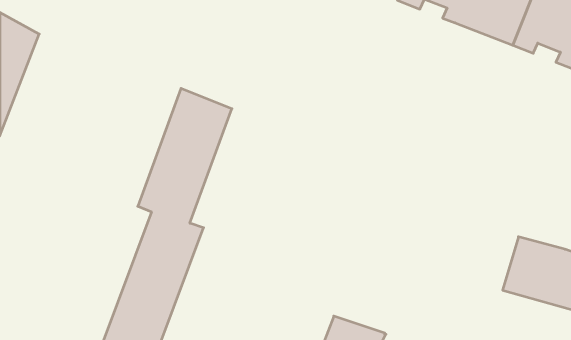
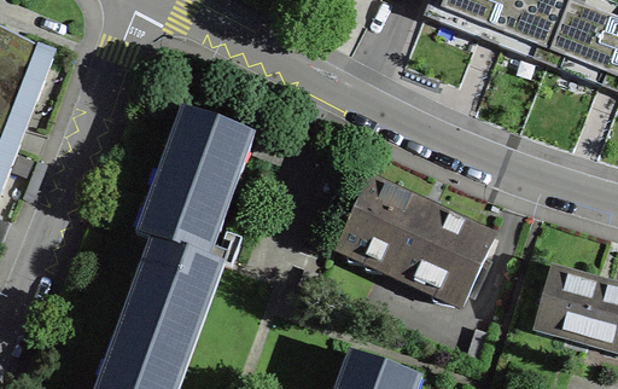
building: none -> [342,176,496,302]

